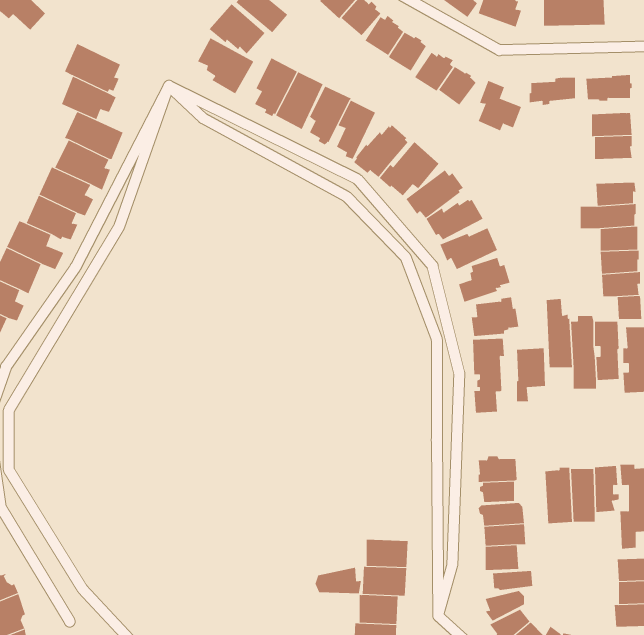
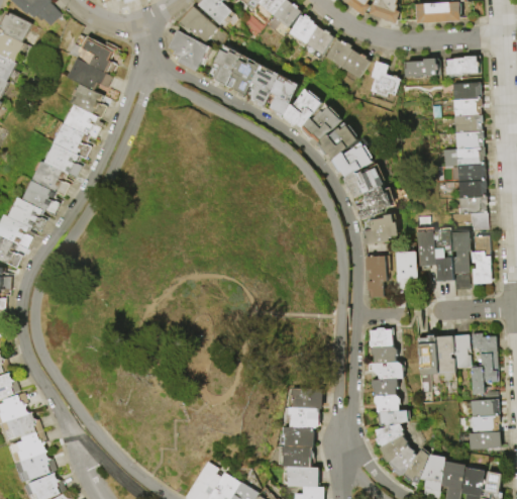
building: none -> [452,115,481,133]
building: [315,567,361,594] -> none

